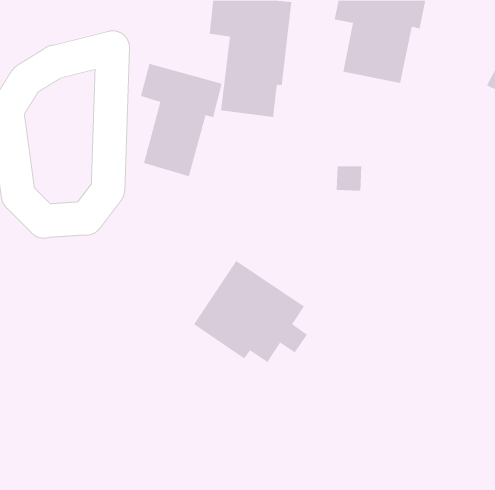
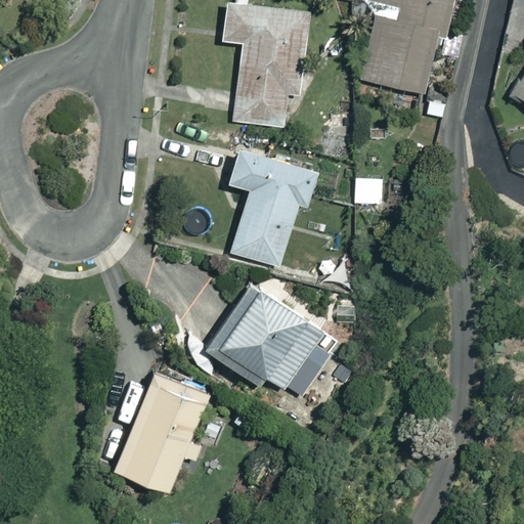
building: [140,63,223,177] -> [228,148,315,268]
building: none -> [114,376,209,493]

